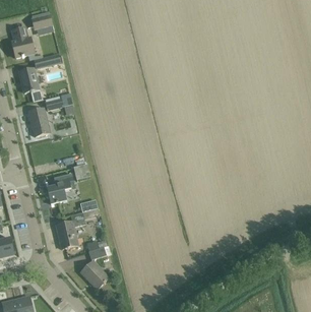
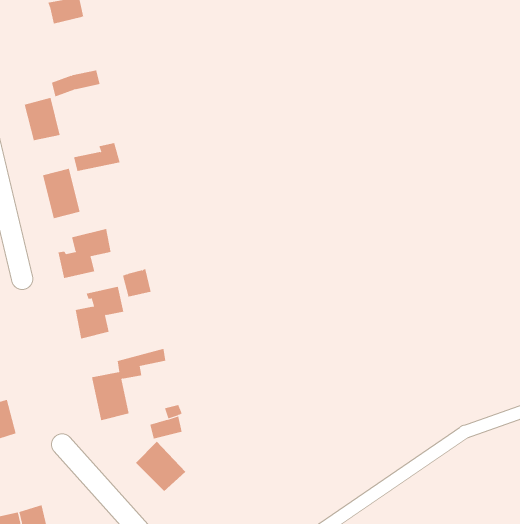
building: [11,26,34,57] -> none
building: none -> [58,228,111,279]

